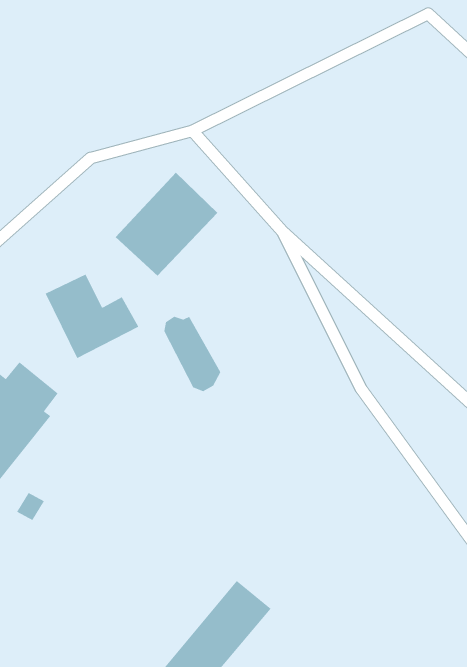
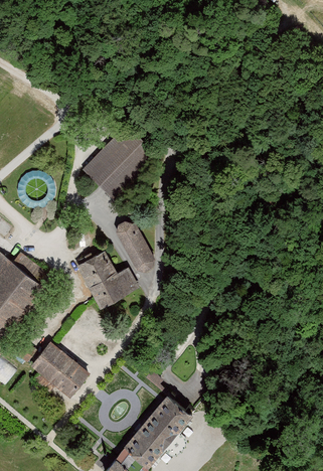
building: [45,274,139,359] -> [76,252,139,308]
building: none -> [28,340,89,398]

